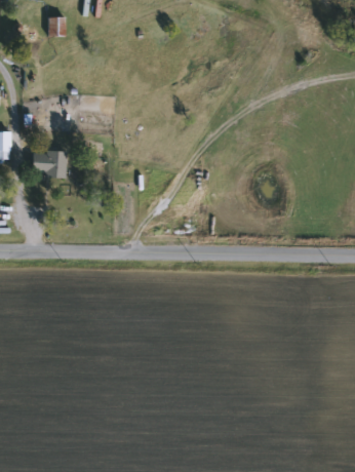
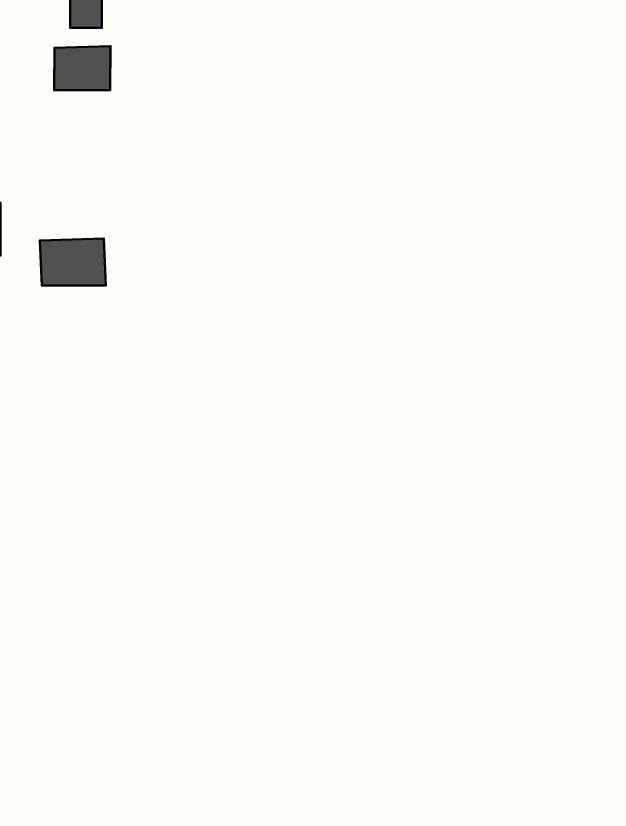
building: none -> [54,46,111,90]

